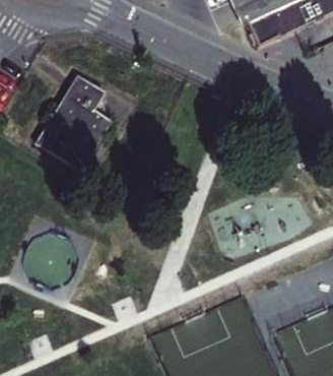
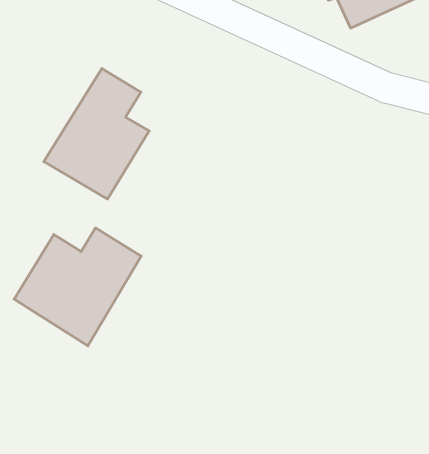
building: none -> [14,228,141,346]

